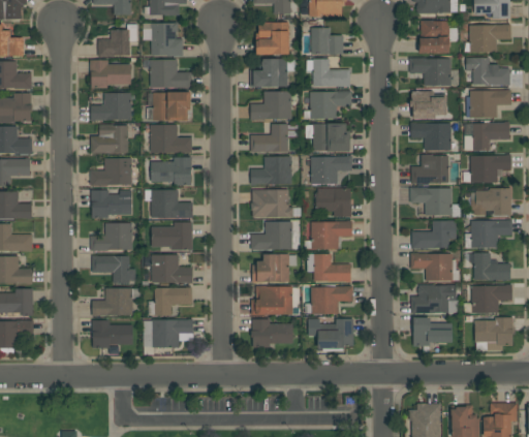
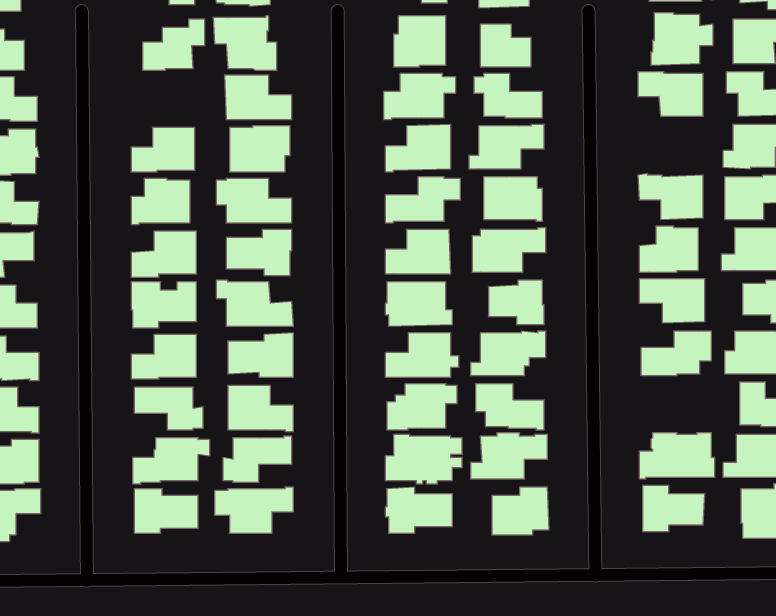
building: [89,60,130,89] -> none
building: [410,90,445,119] -> none
building: [410,253,459,281] -> none

